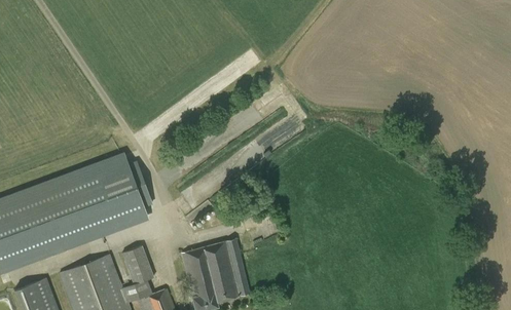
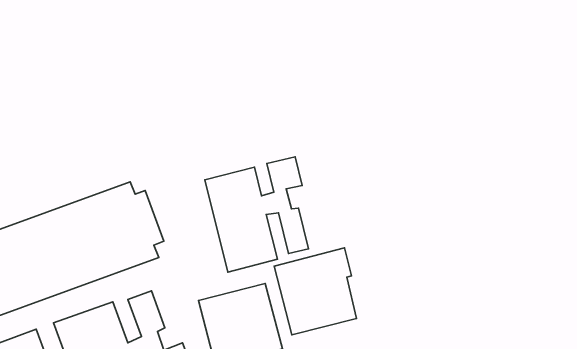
building: none -> [205,157,309,272]
building: none -> [274,248,357,335]

